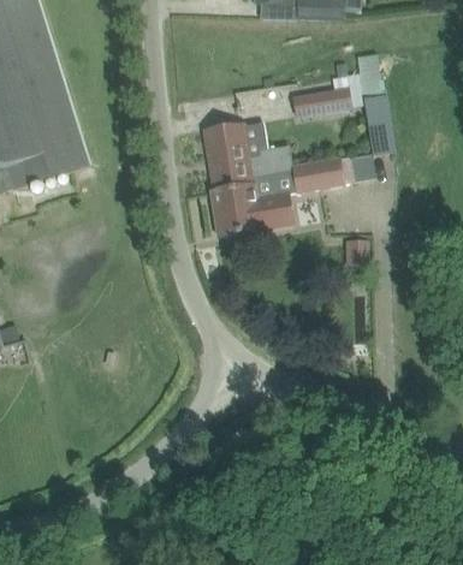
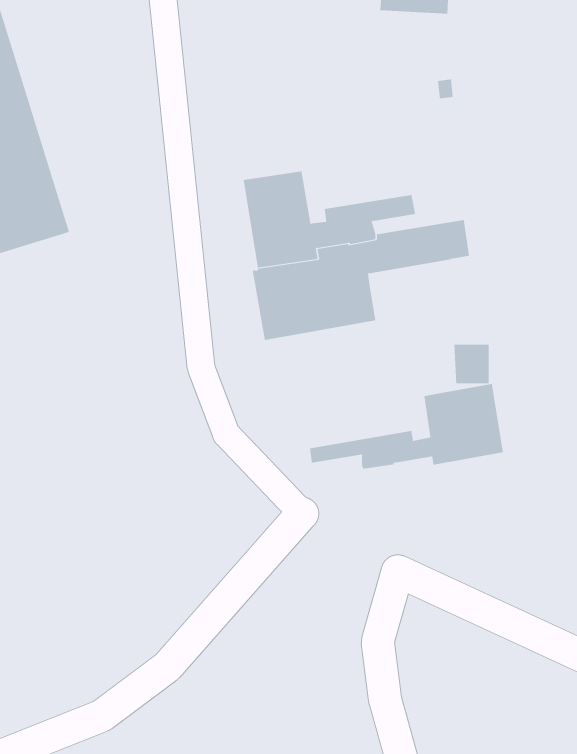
building: [295,53,392,153] -> none
building: none -> [309,383,504,469]

